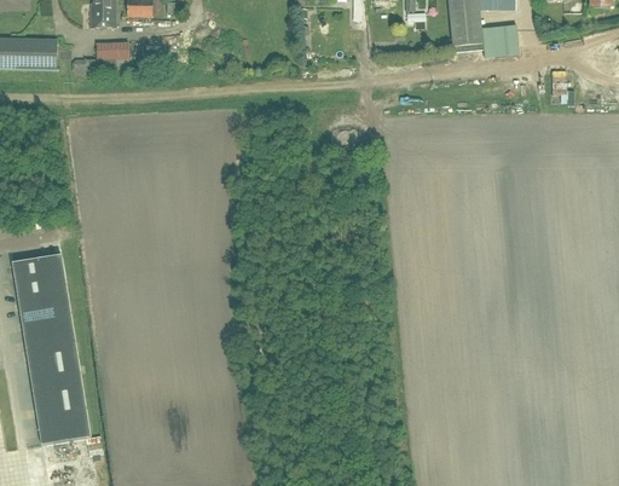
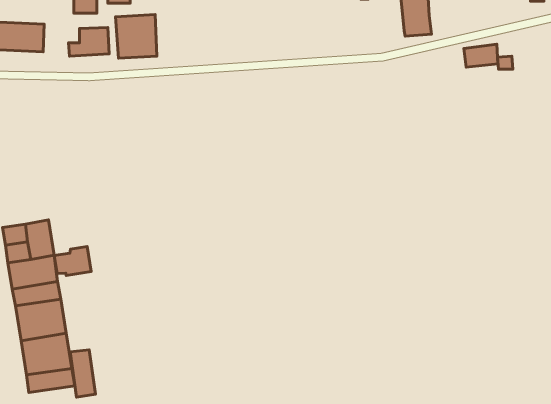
building: [480,23,517,48] -> [464,44,498,67]
building: none -> [116,15,157,58]
building: none -> [54,246,91,276]
building: none -> [70,350,95,397]

